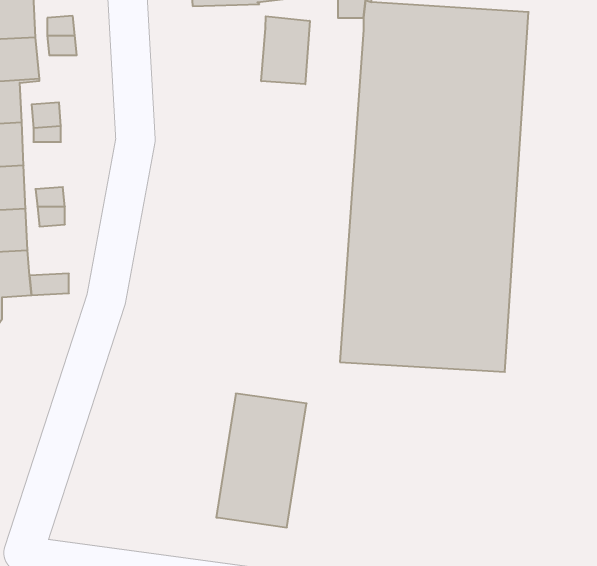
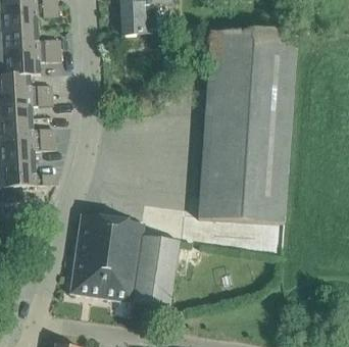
building: [261,16,310,84] -> none
building: none -> [69,212,145,302]

